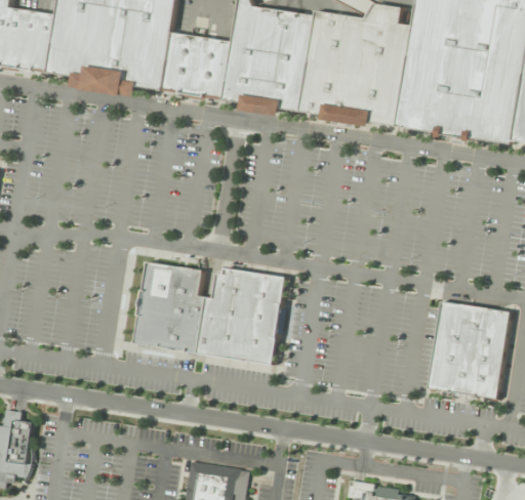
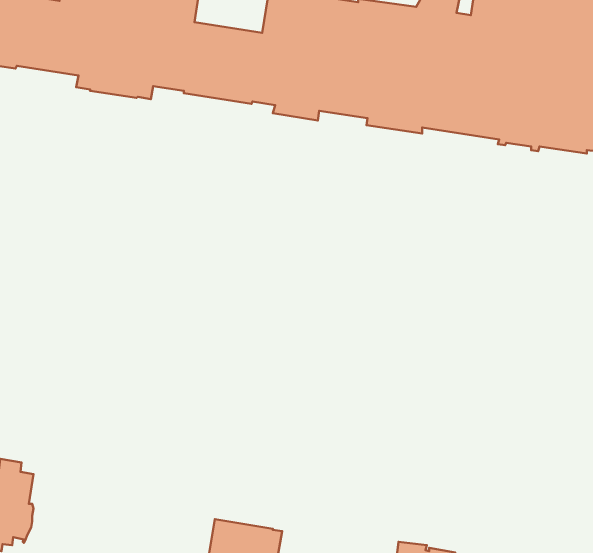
building: [136,261,288,365] -> none
building: [428,302,510,400] -> none

